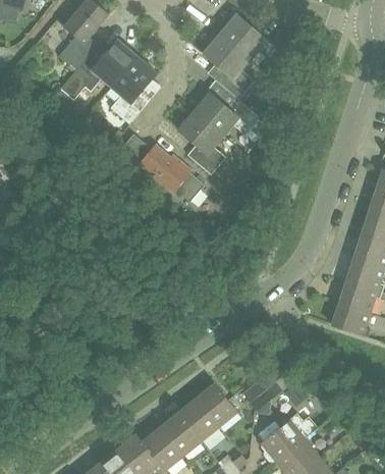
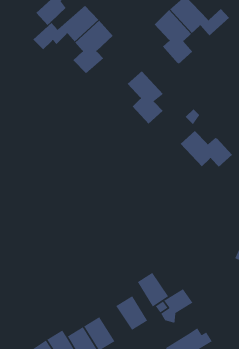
building: [195,93,260,137] -> [180,130,233,167]
building: [115,135,204,207] -> none
building: [177,399,218,441] -> [137,272,169,307]

